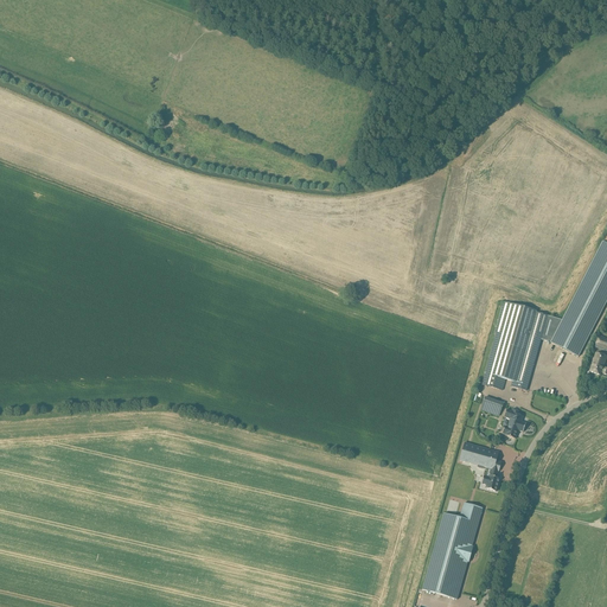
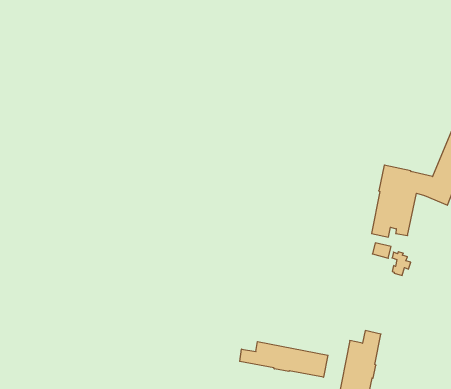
building: [459,441,501,490] -> none
building: none -> [240,342,328,377]

